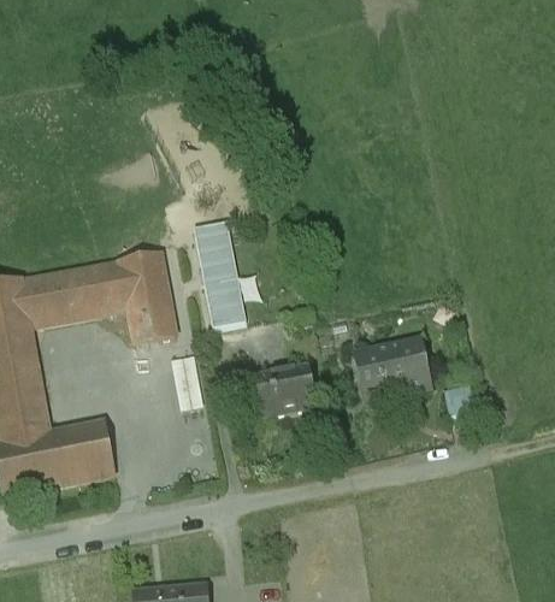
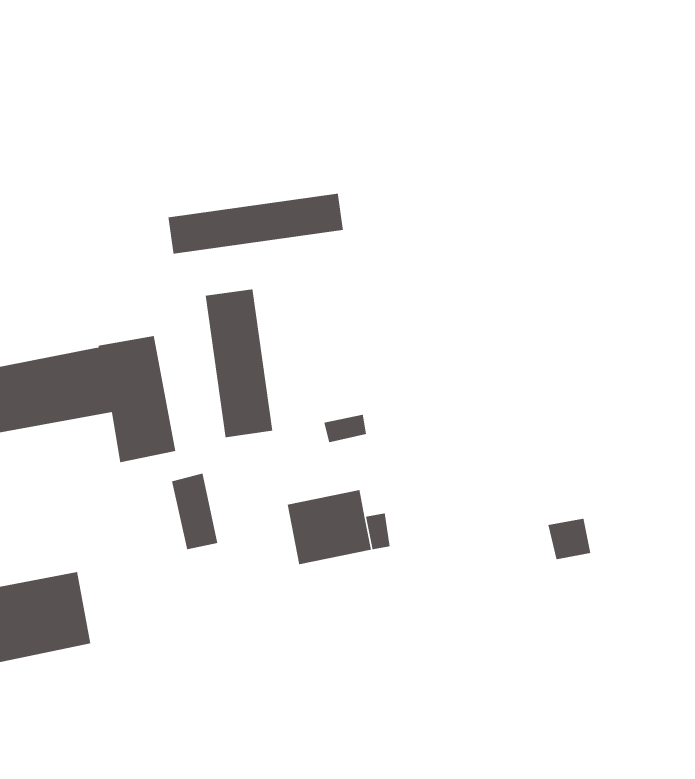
building: none -> [168,193,343,254]
building: [354,338,431,405] -> none

